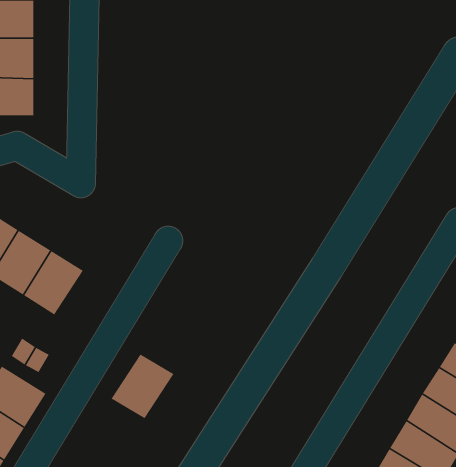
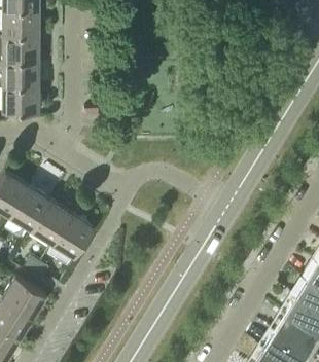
building: [111,354,174,419] -> [52,212,95,255]

